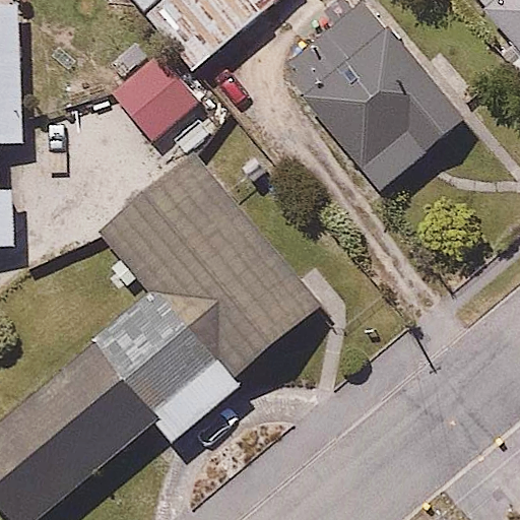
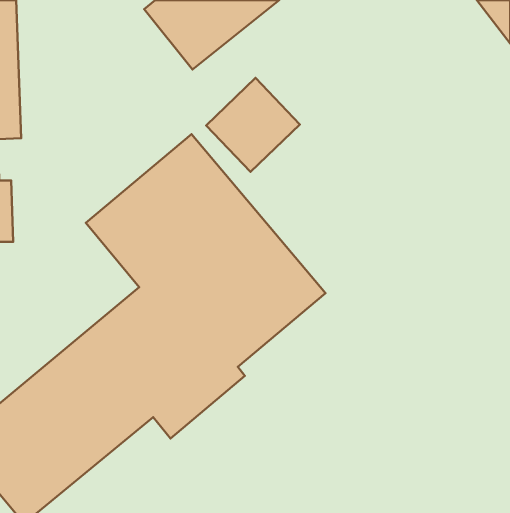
building: [294,19,459,187] -> none
building: [109,46,203,140] -> [206,78,300,172]

